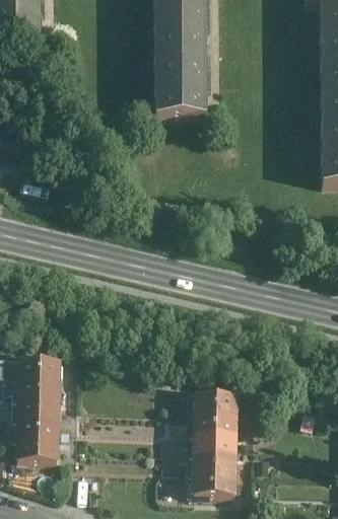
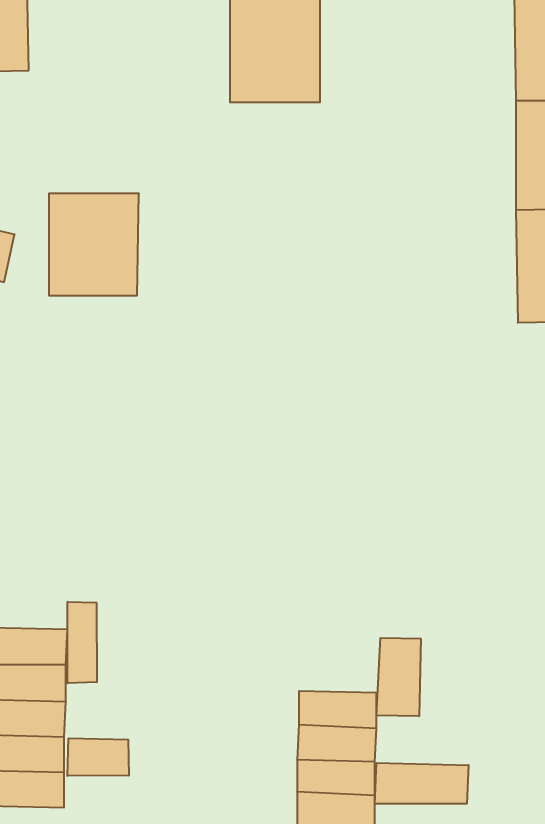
building: [155,60,207,119] -> [49,193,139,296]
building: none -> [68,602,97,683]
building: none -> [376,638,421,716]
building: none -> [67,738,129,776]
building: none -> [375,763,469,804]

